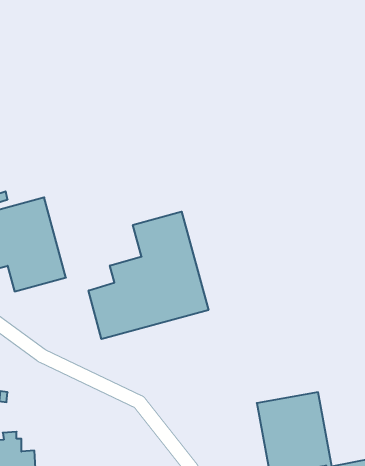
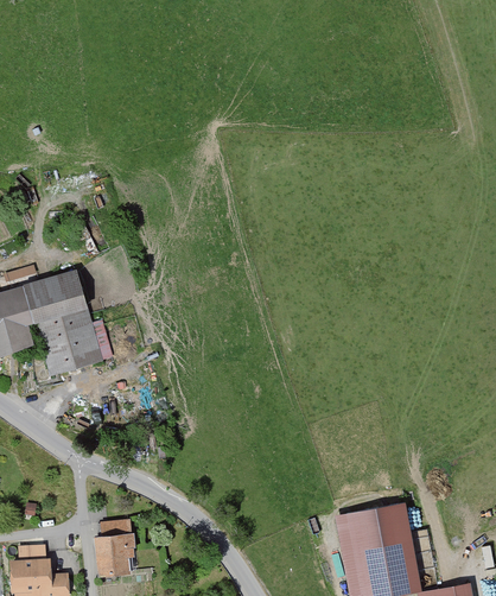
building: [89,212,208,339] -> none
building: none -> [95,520,136,577]

